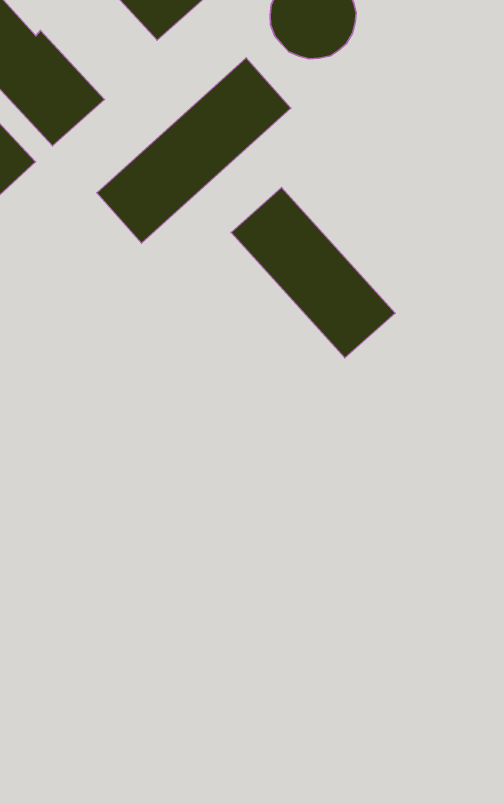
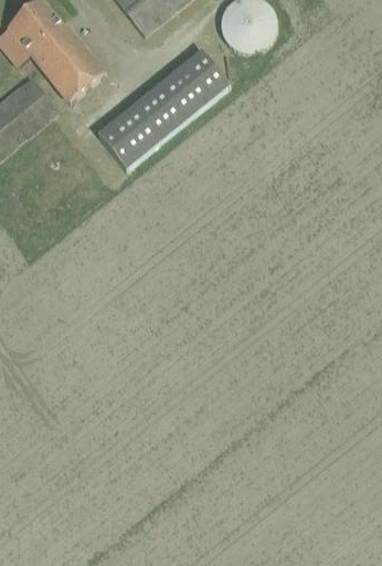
building: [231,188,395,358] -> none

